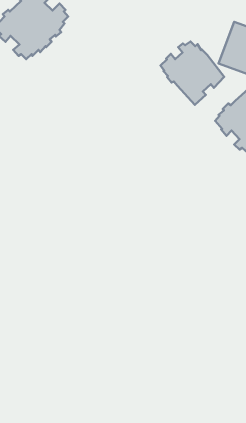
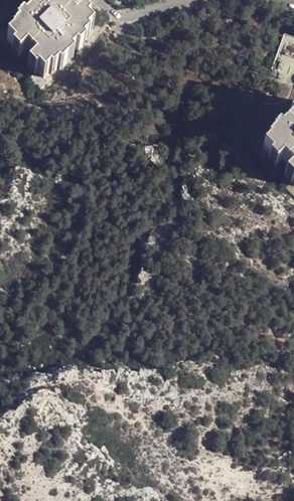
building: [160,42,224,105] -> none

